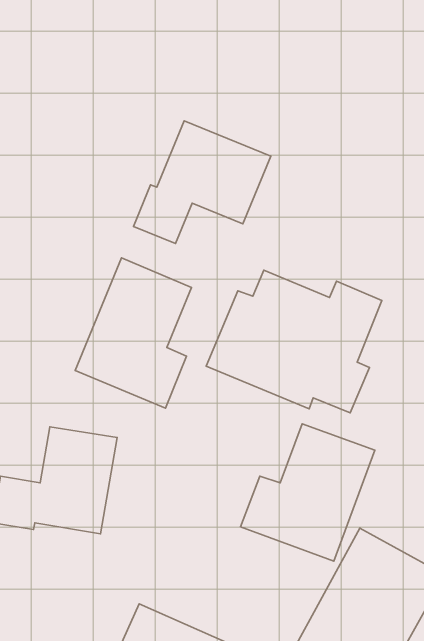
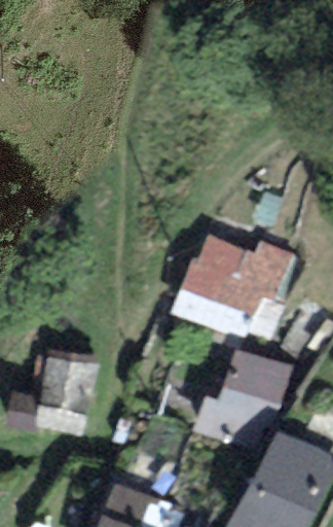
building: [133,121,271,243] -> none
building: [75,258,192,408] -> none

